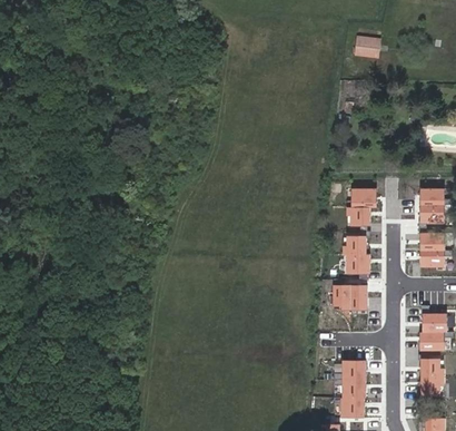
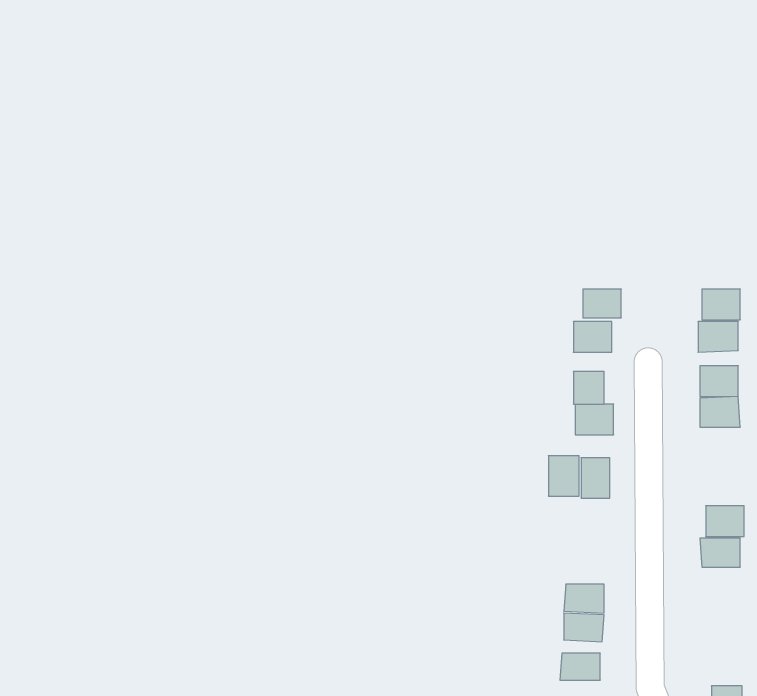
building: [355,36,381,59] -> none
building: [420,360,444,386] -> none

